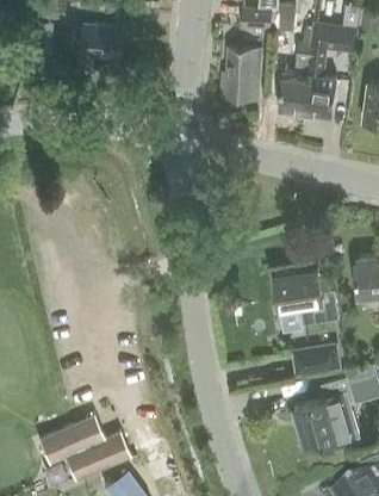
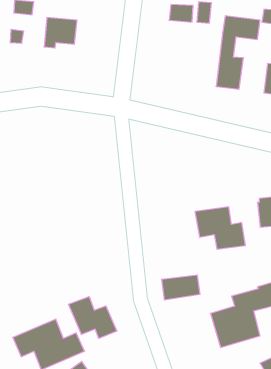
building: [277,42,309,113] -> none
building: [219,49,261,100] -> none
building: [290,343,340,376] -> [161,275,200,300]
building: none -> [69,297,117,338]

